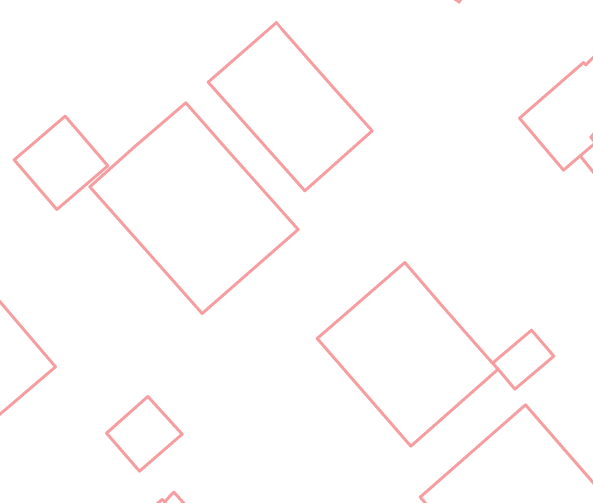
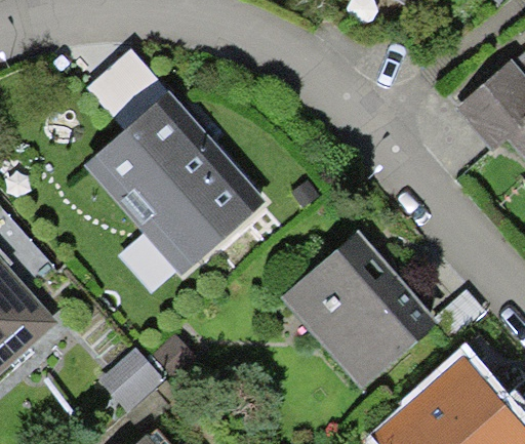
building: [208,22,372,191] -> none
building: [14,116,108,210] -> [87,49,168,130]

